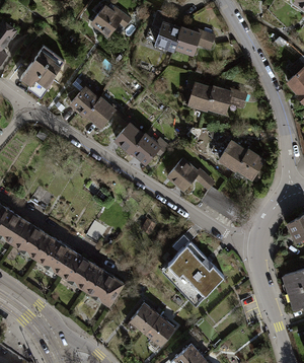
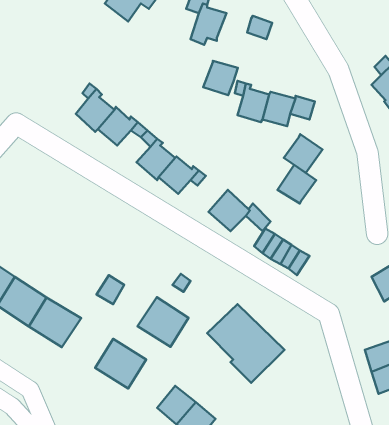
building: [174,27,200,53] -> [203,61,238,95]
building: [21,47,64,92] -> none
building: [236,149,264,177] -> [284,134,322,173]
building: [61,252,98,289] -> [137,297,189,347]

